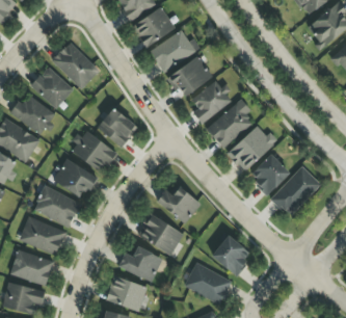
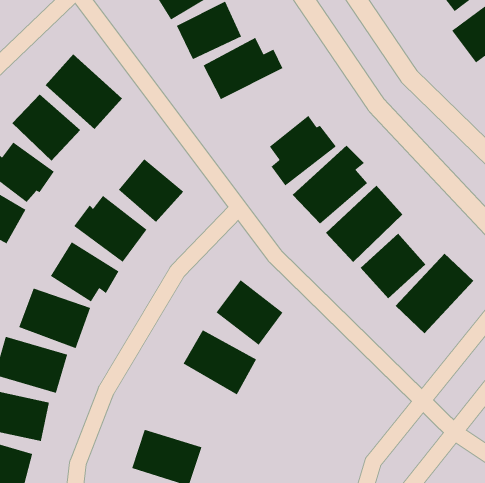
building: [168,56,212,97] -> none
building: [211,235,251,275] -> none
building: [118,247,163,283] -> none
building: [185,264,232,303] -> none

